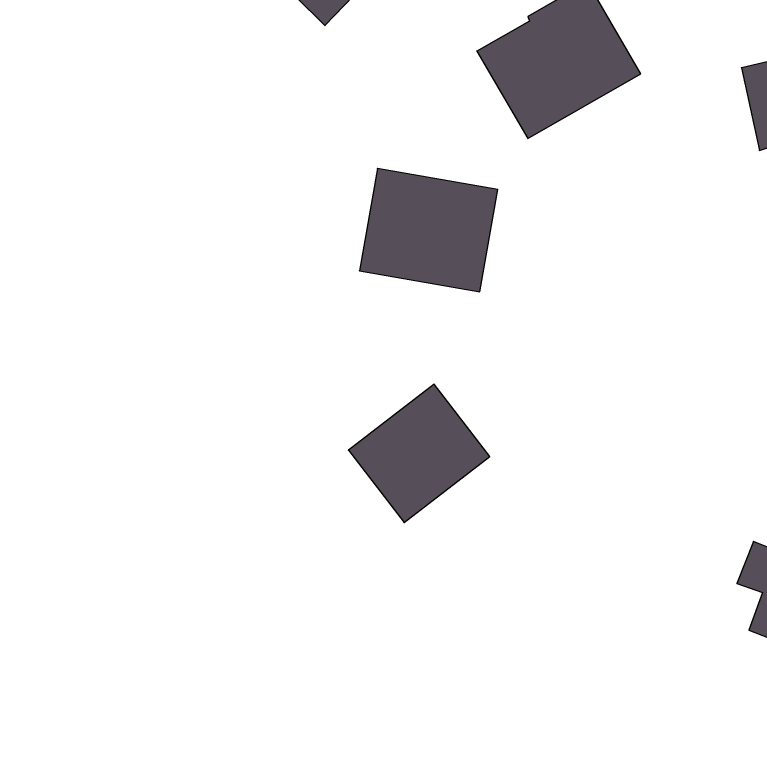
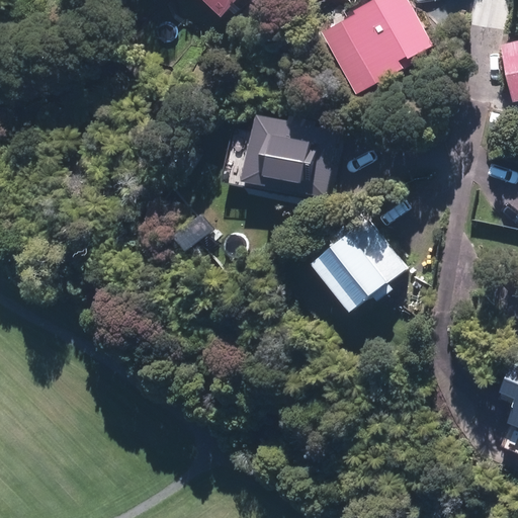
building: [348,384,490,523] -> [311,219,406,312]

